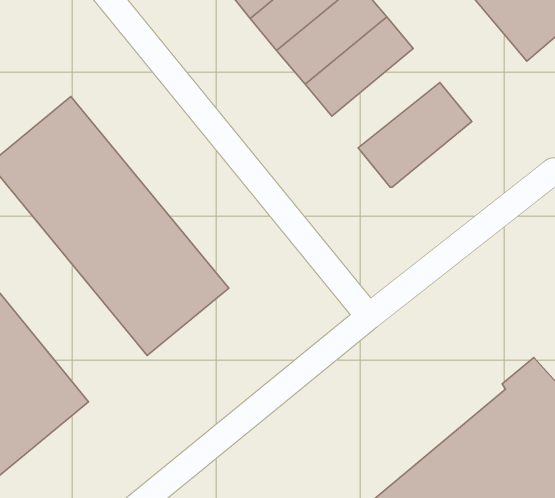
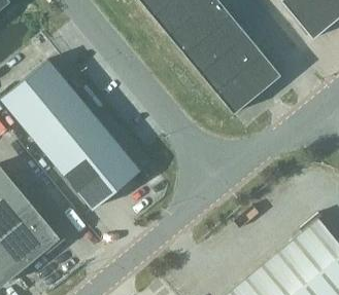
building: none -> [201,33,264,90]

